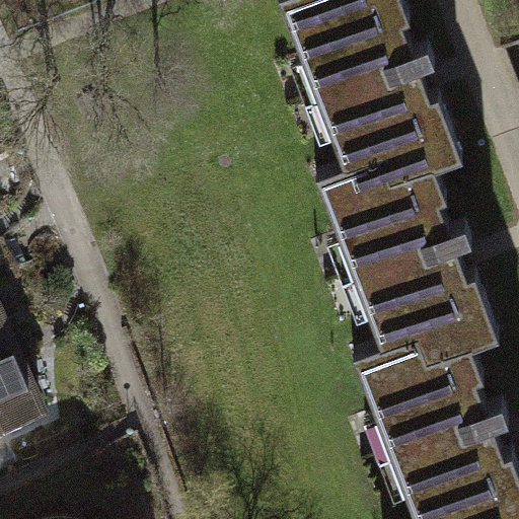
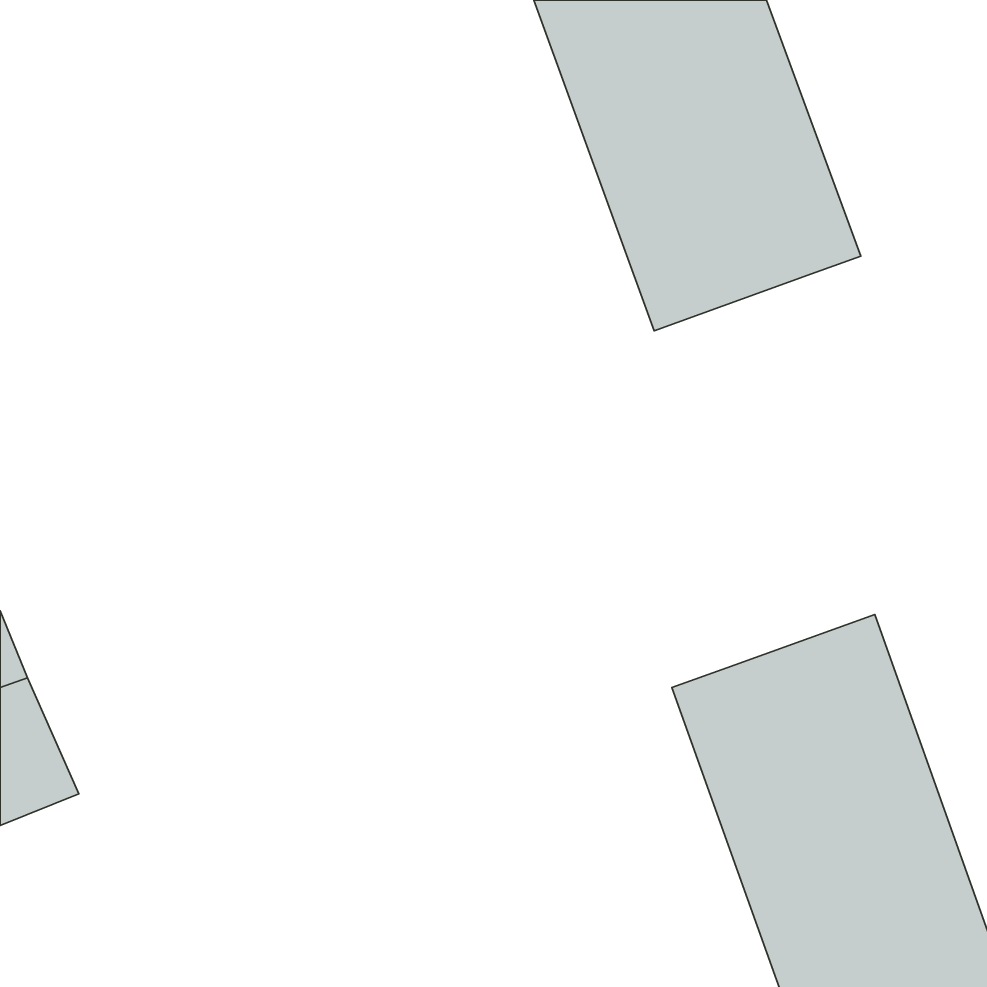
building: [324,151,488,354] -> none

